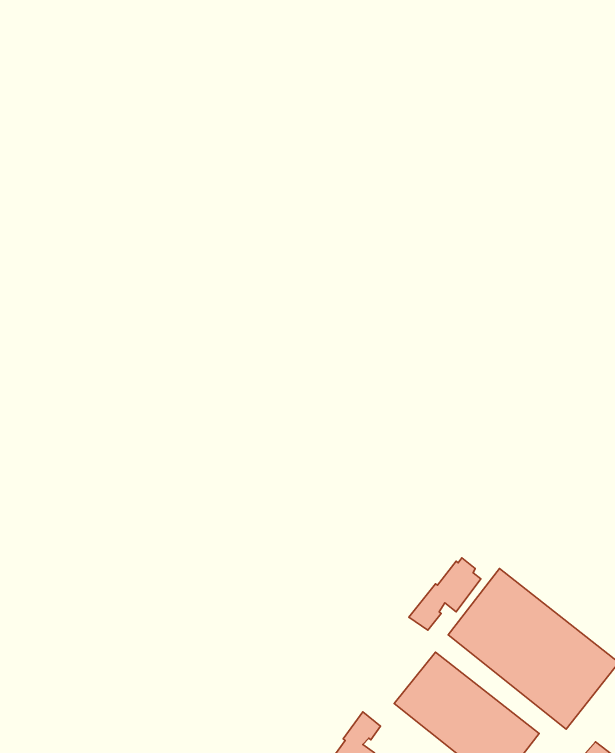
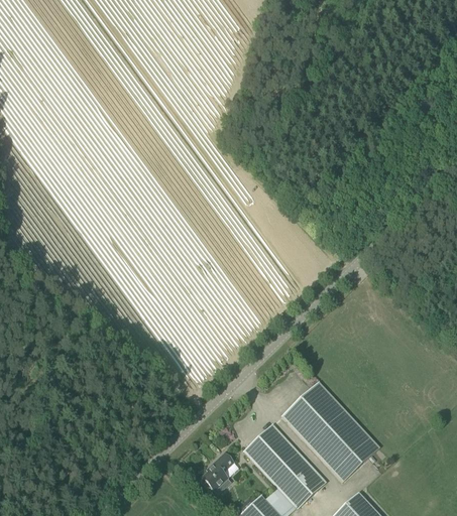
building: [409,558,481,630] -> none

